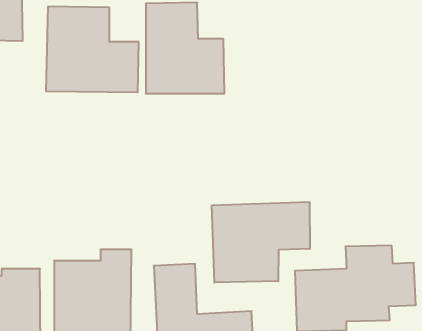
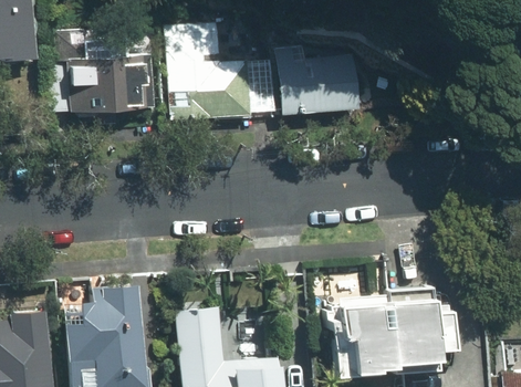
building: none -> [274,43,361,111]
building: [212,202,310,283] -> none

